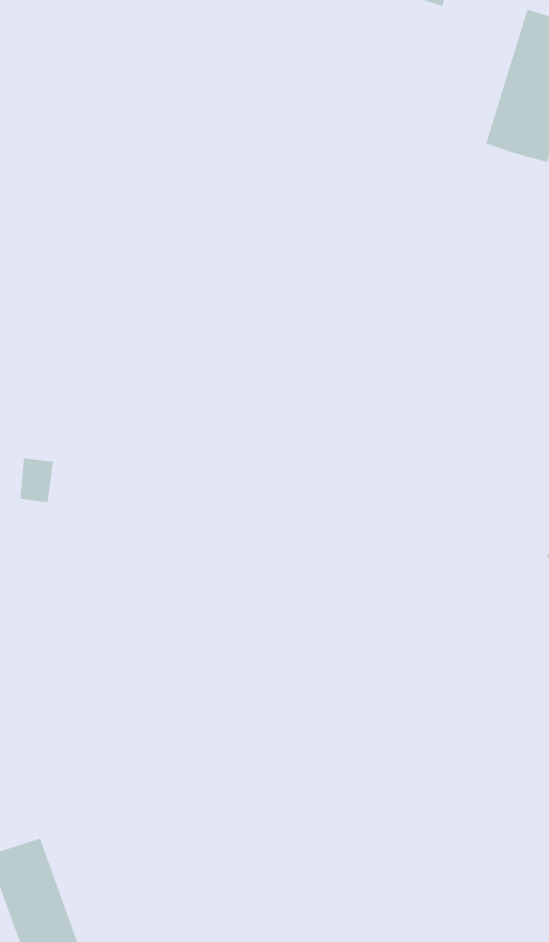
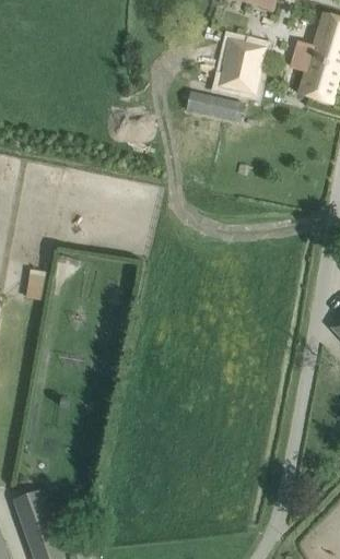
building: none -> [219,39,265,92]
building: none -> [185,91,243,118]

